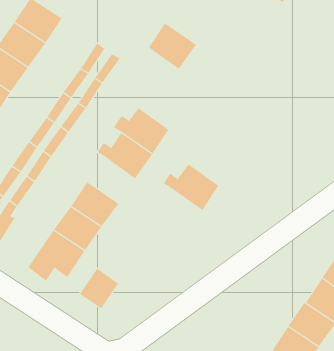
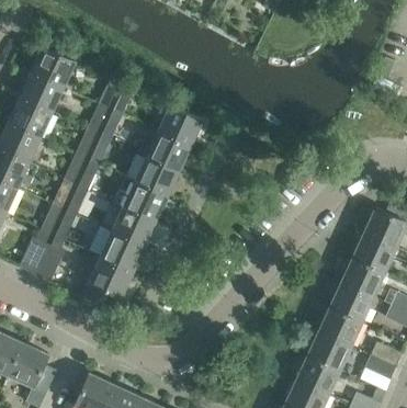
building: [148,23,197,70] -> [158,105,202,146]
building: [163,164,219,211] -> [115,181,167,222]
building: [79,268,119,309] -> none

